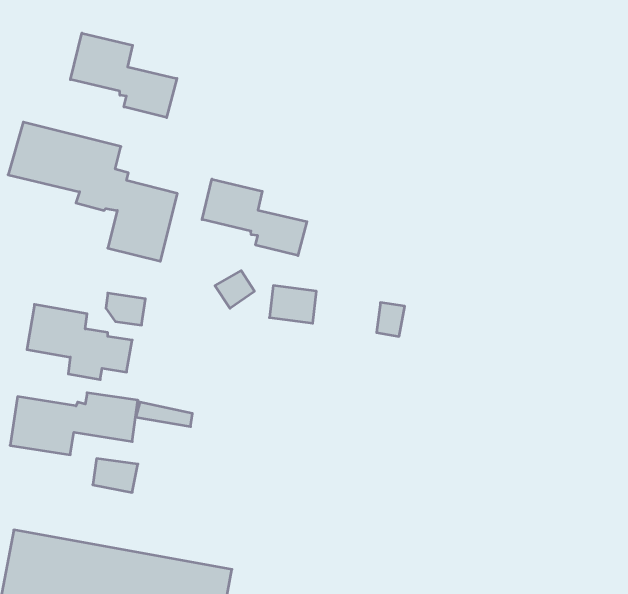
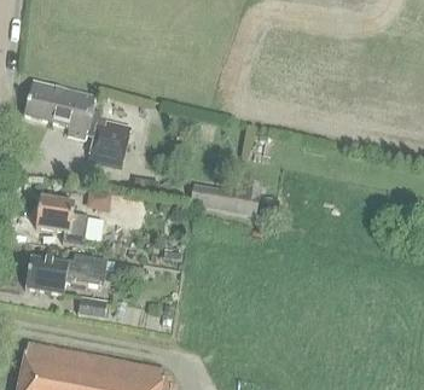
building: [70,33,177,118] -> none
building: [202,179,307,256] -> none

